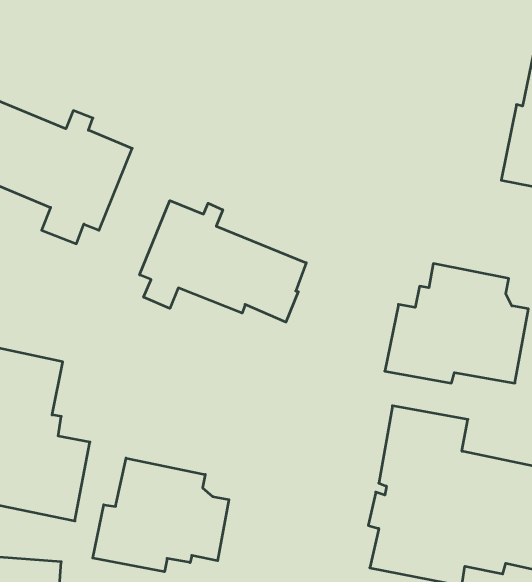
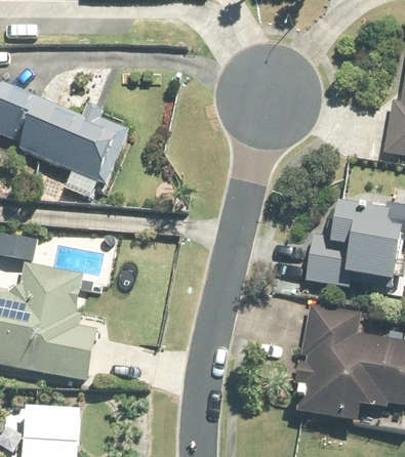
building: [140,201,306,322] -> none
building: [93,458,229,572] -> none

